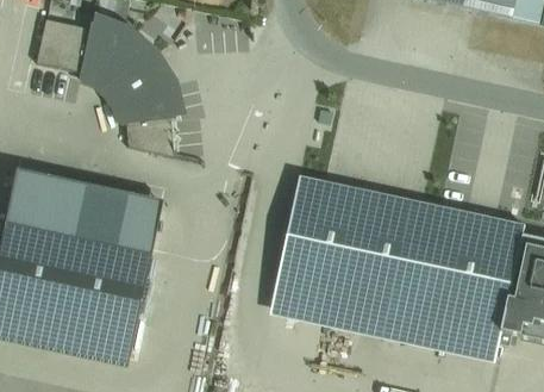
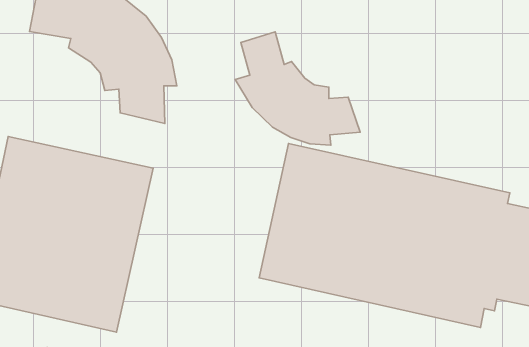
building: none -> [235,32,360,145]

